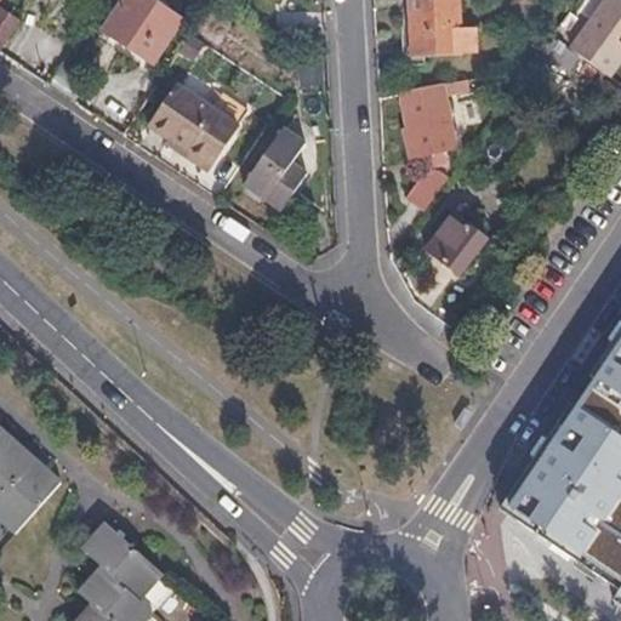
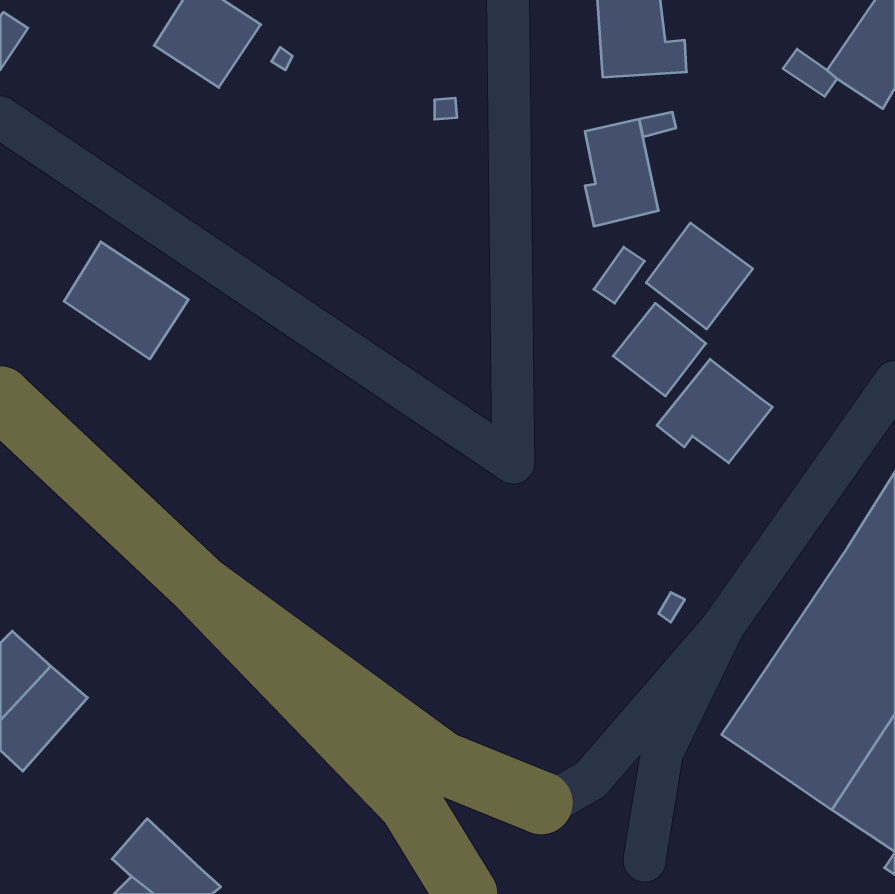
building: [152,82,238,164] -> [64,242,188,359]
building: [244,126,309,210] -> none
building: none -> [646,223,753,329]
building: none -> [657,359,772,463]
building: [82,523,163,602] -> none

